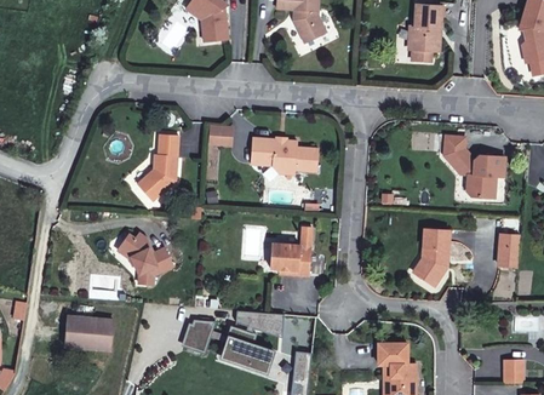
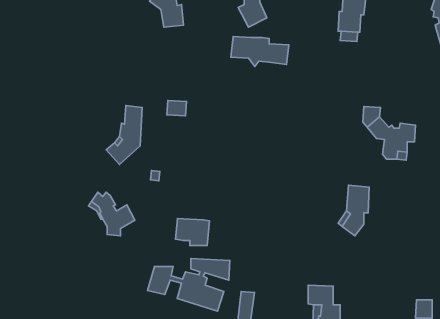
building: [251,138,319,173] -> [231,36,289,66]
building: [498,233,520,265] -> none
building: [273,244,313,275] -> [175,219,209,246]
building: [65,317,113,349] -> none

